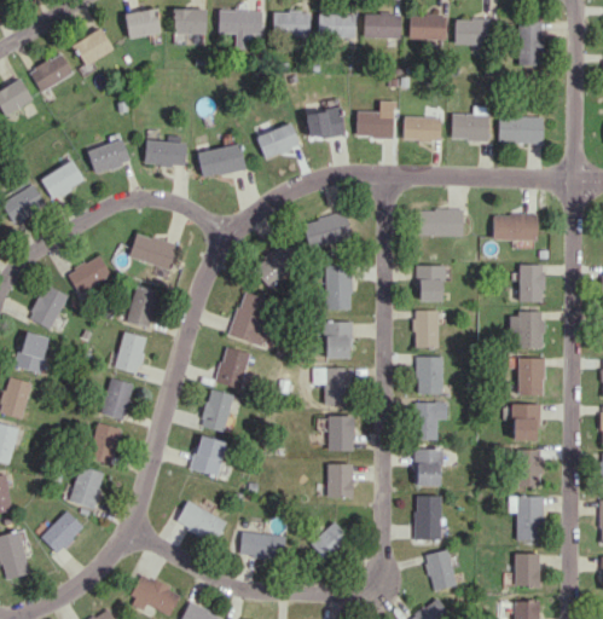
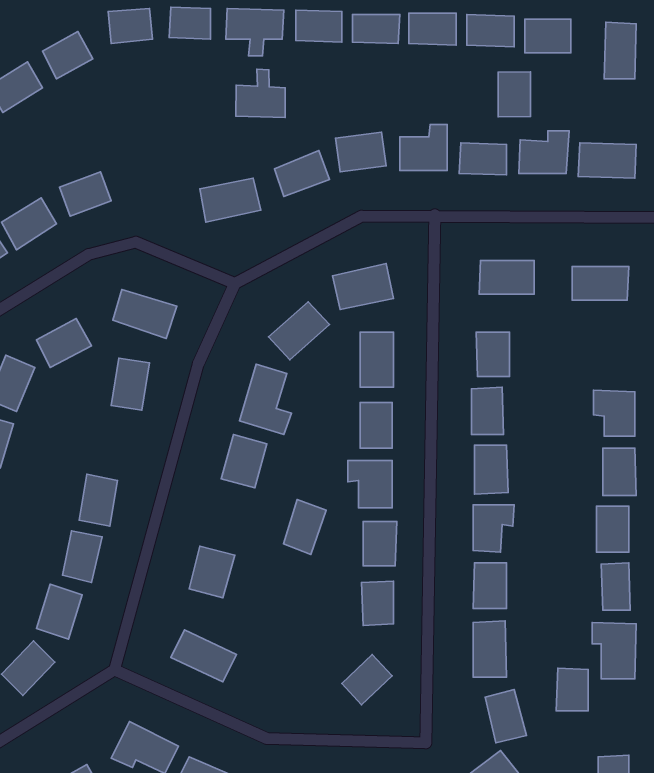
building: none -> [236,69,285,117]
building: none -> [498,72,530,117]
building: [144,140,187,167] -> none
building: [518,265,544,302] -> none
building: [114,331,147,374] -> none
building: [201,388,234,432] -> [283,500,326,555]
building: [239,531,285,560] -> none
building: [514,553,539,586] -> [556,668,588,711]

